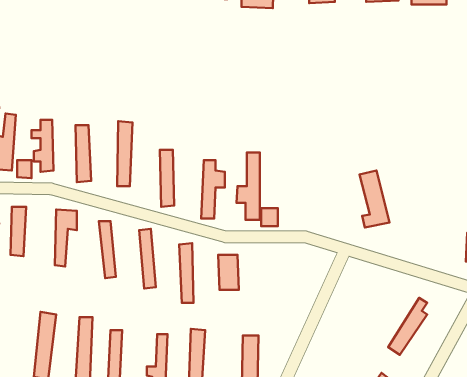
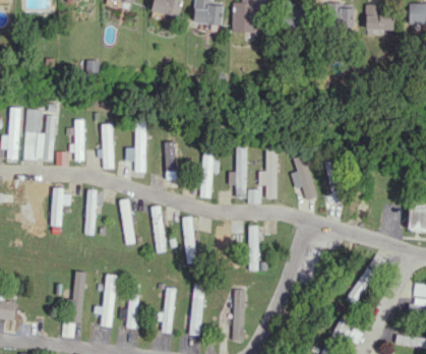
building: none -> [258,148,277,198]
building: none -> [291,150,317,200]
building: none -> [247,226,263,271]

